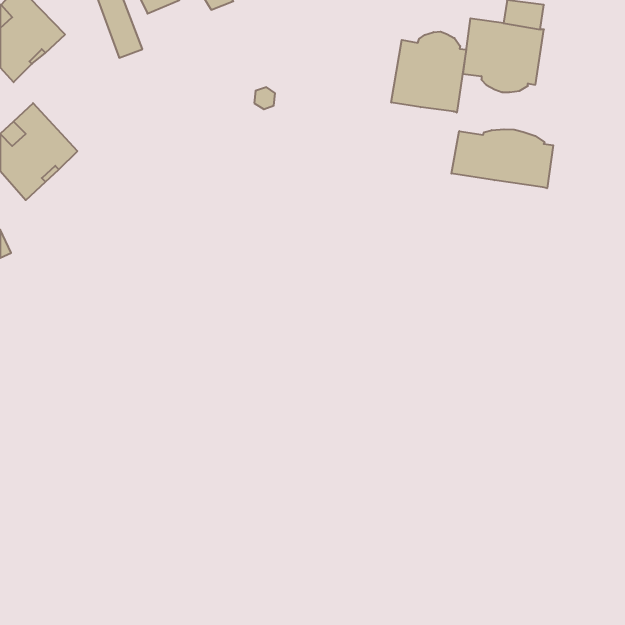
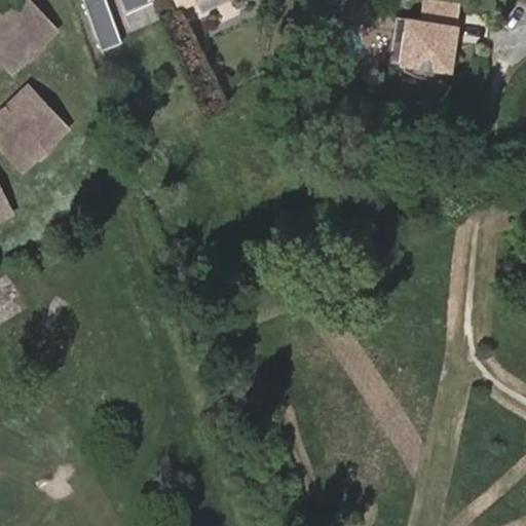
building: [391,32,466,113] -> none
building: [451,129,553,188] -> none

